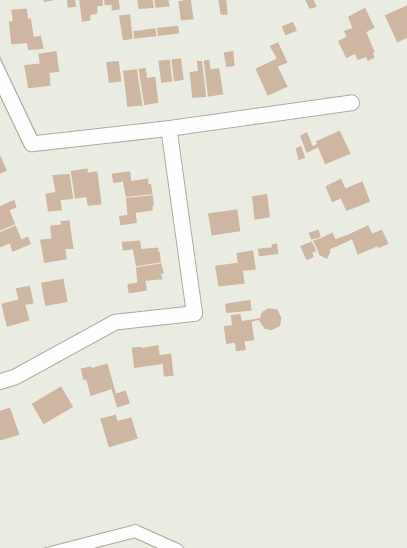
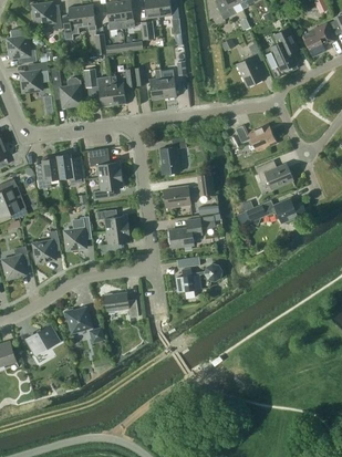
building: [254,42,288,97] -> [237,43,263,86]
building: none -> [51,66,82,106]
building: none -> [159,137,186,174]
building: [39,220,75,264] -> [64,216,92,250]
building: [99,414,139,448] -> none

